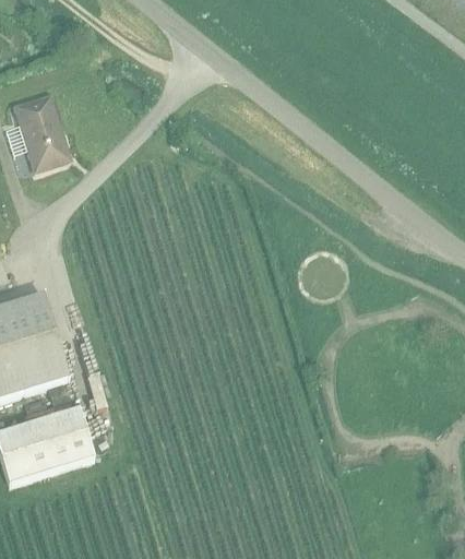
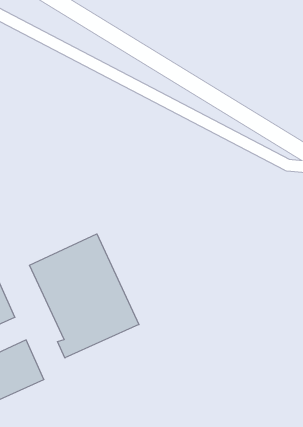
building: none -> [30,234,139,358]

